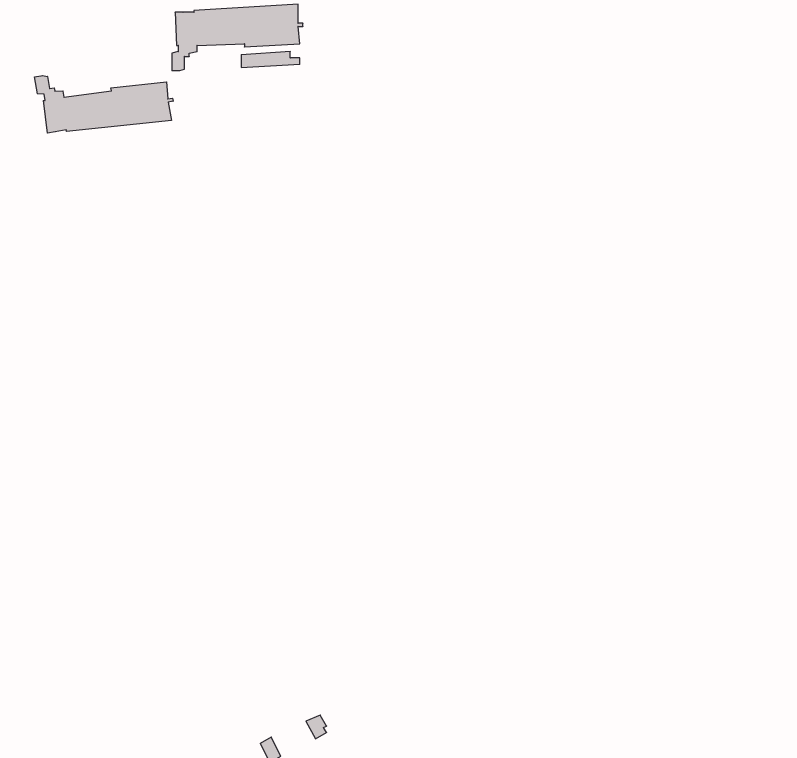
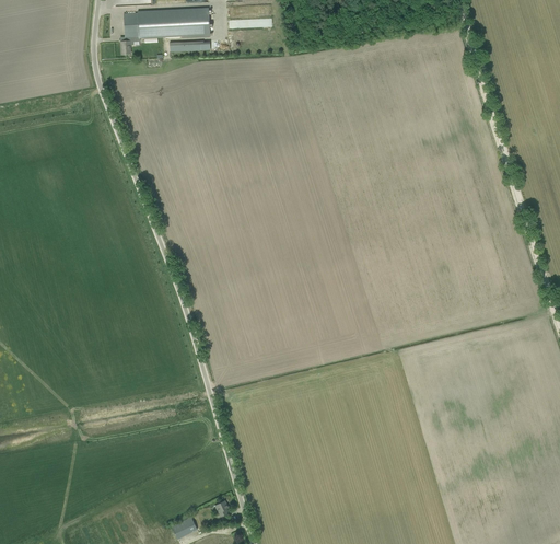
building: [35,76,173,133] -> none

